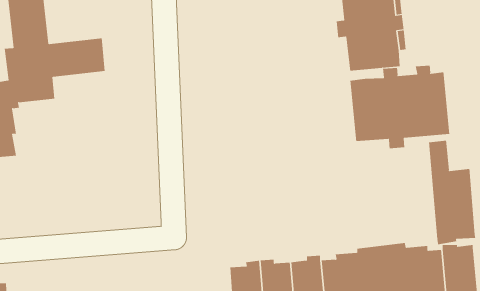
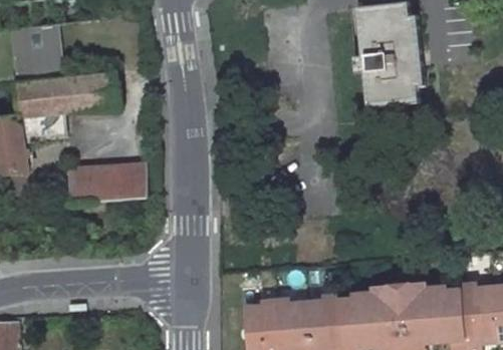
building: [350,65,450,149] -> none
building: none -> [67,162,147,202]
building: [428,140,476,245] -> none

